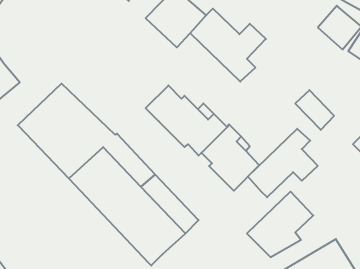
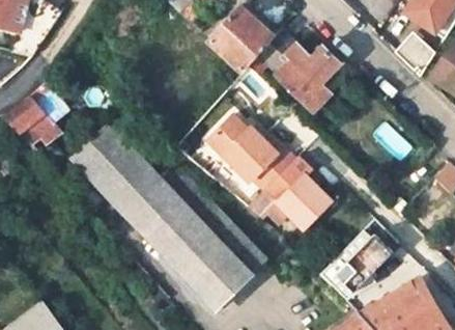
building: [248,129,318,197] -> none

